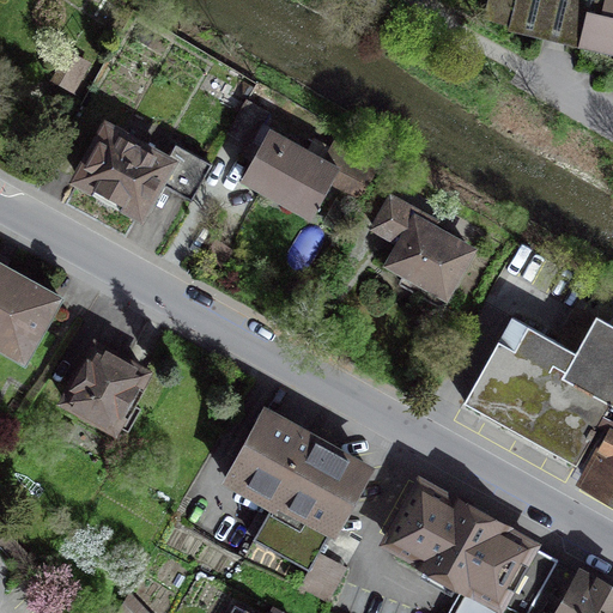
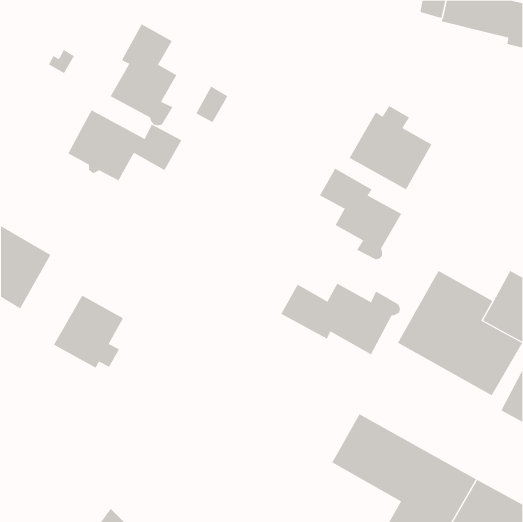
building: none -> [110,24,177,126]
building: none -> [349,105,432,190]
building: [242,131,377,212] -> none
building: none -> [281,283,401,355]
building: [230,412,368,602] -> none

